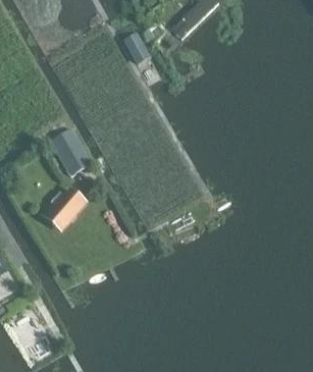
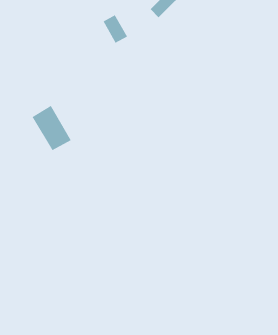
building: [40,189,86,230] -> none

